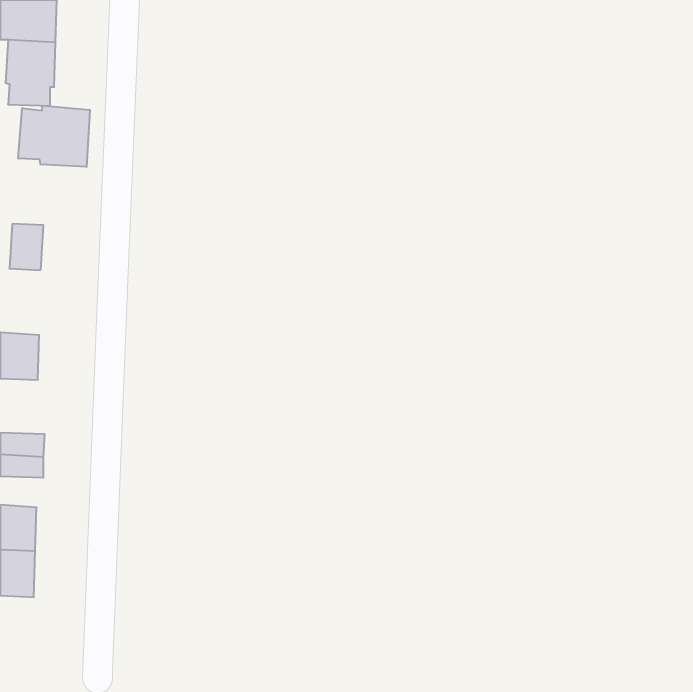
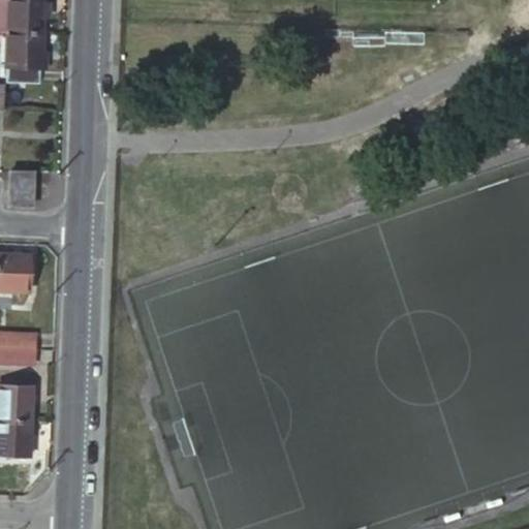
building: [18,106,90,167] -> none

